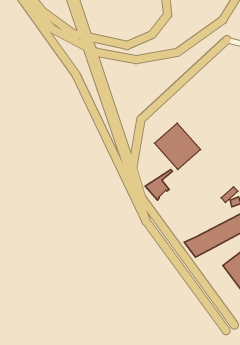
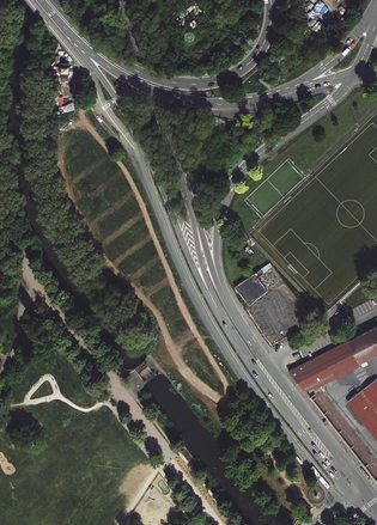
building: [154,123,200,170] -> none

